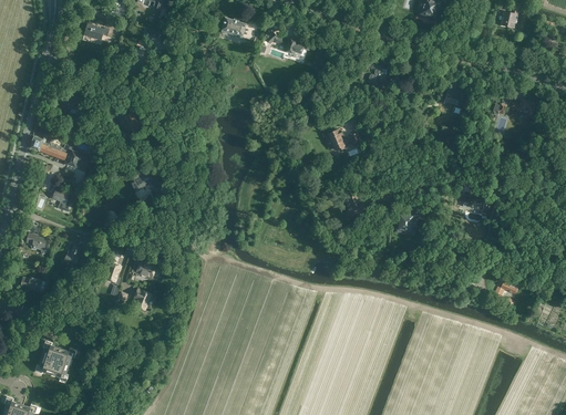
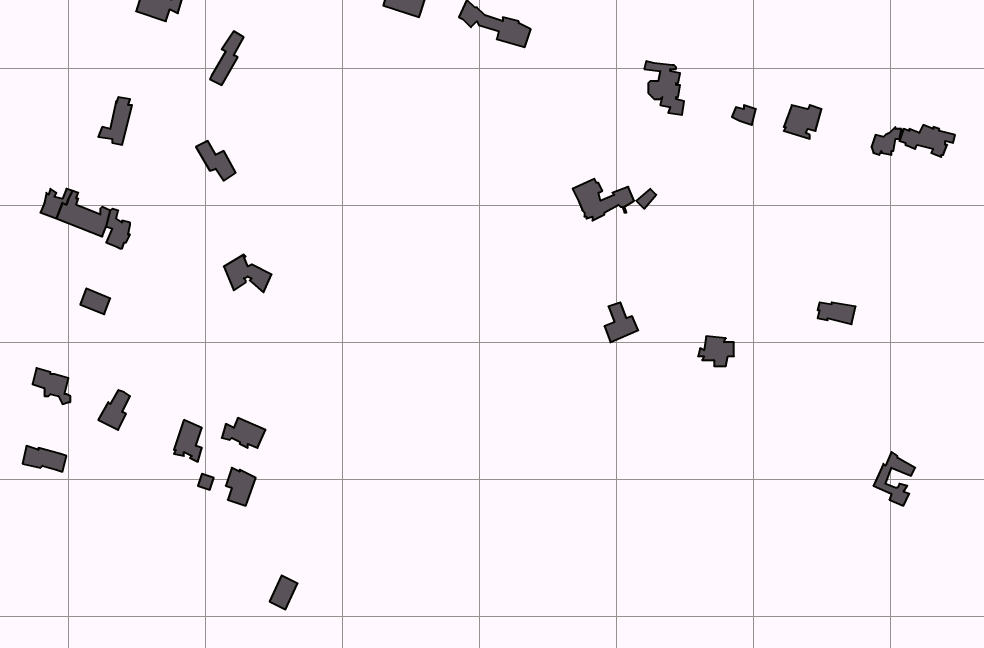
building: [37,341,78,382] -> none

